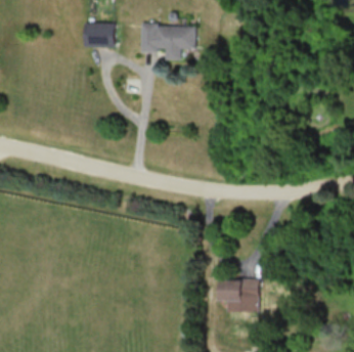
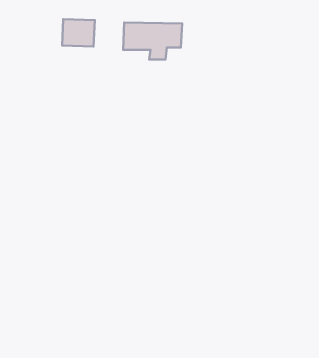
building: [222,278,261,312] -> none

